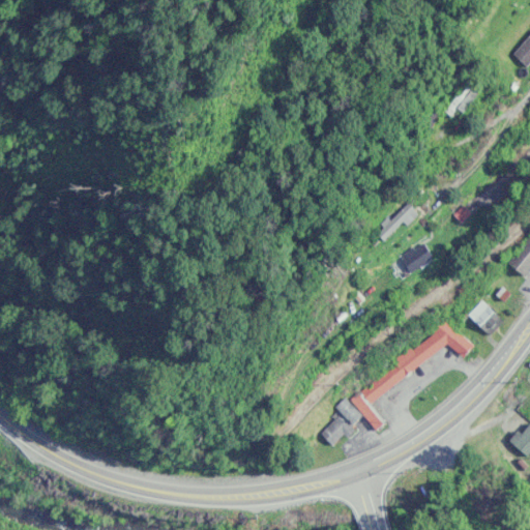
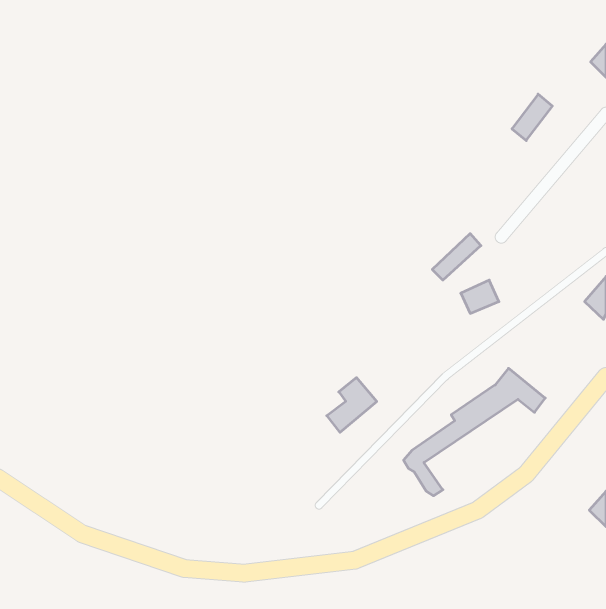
building: [468,301,504,336] -> none
building: [321,400,364,447] -> [327,378,377,432]

